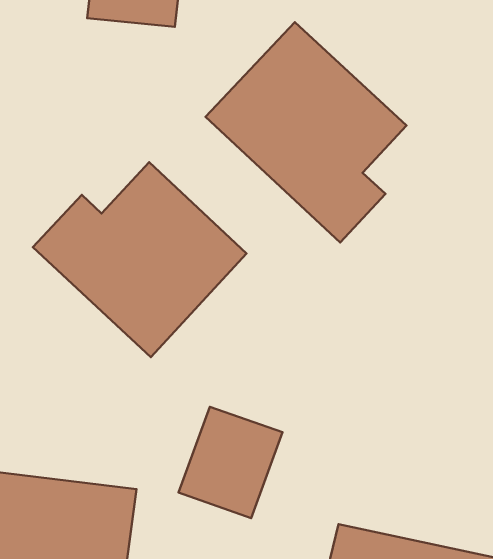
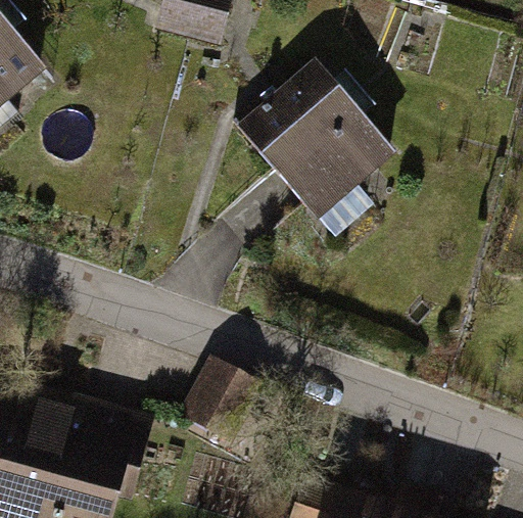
building: [33,162,247,357] -> none

